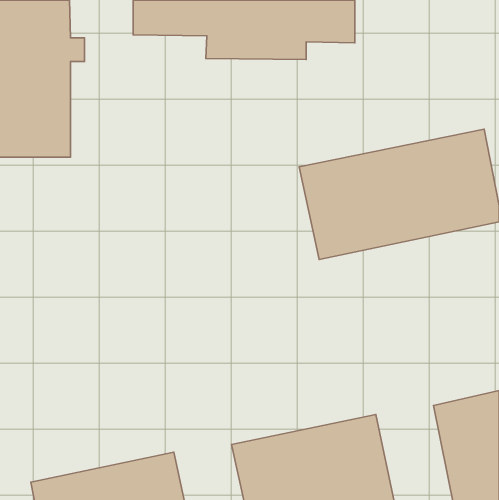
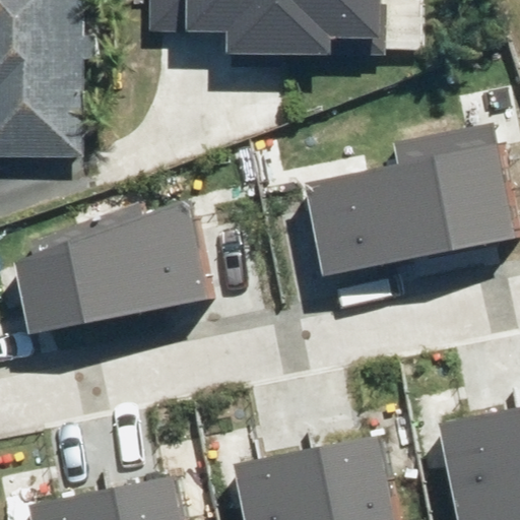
building: none -> [17,195,214,330]

